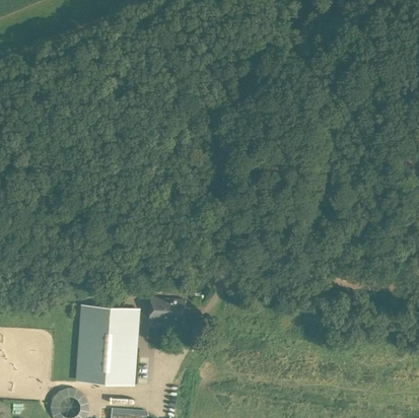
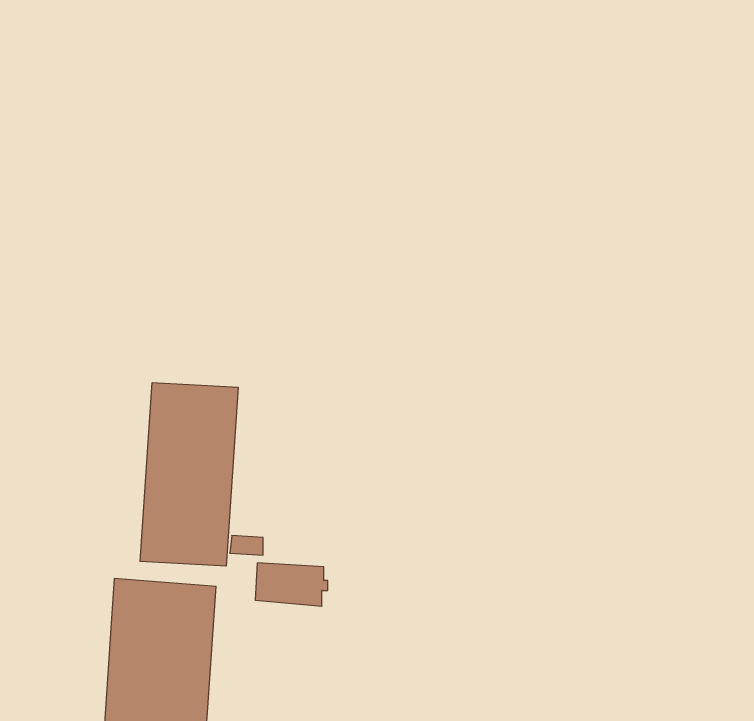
building: none -> [140,383,238,566]

